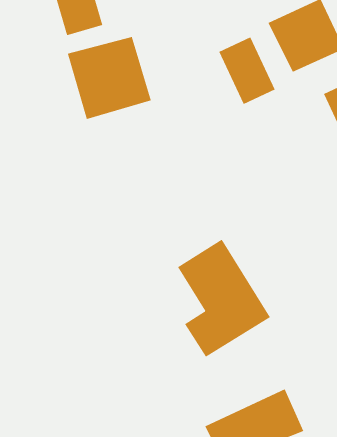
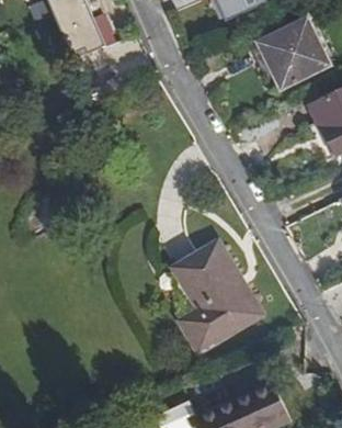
building: [67,36,152,120] -> none
building: [219,36,275,105] -> none

